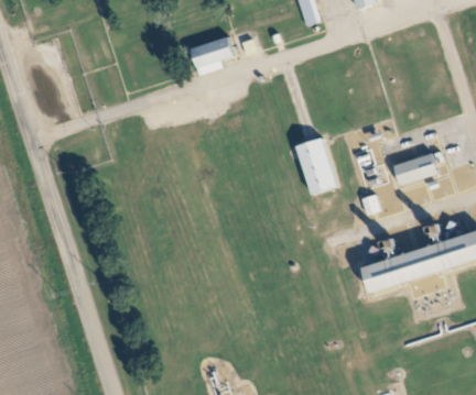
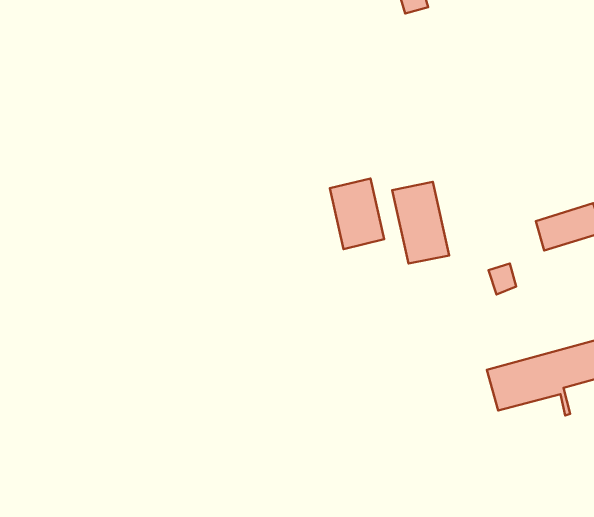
building: [190,34,234,75] -> none
building: none -> [330,179,384,249]

